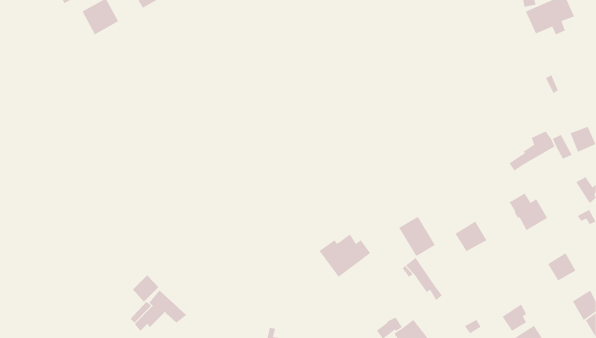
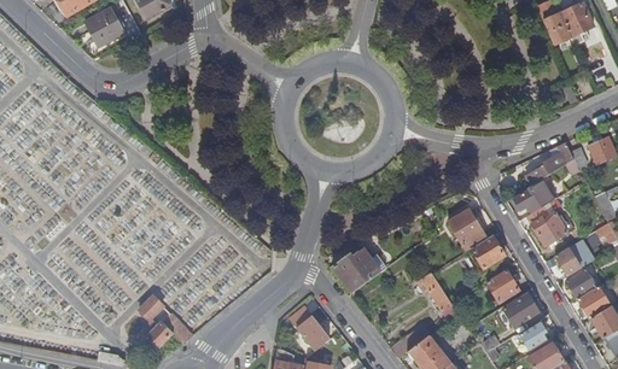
building: none -> [512,177,555,213]
building: [398,216,436,257] -> [447,209,485,251]
building: none -> [554,236,596,274]
building: none -> [485,269,518,303]
building: none -> [576,286,610,318]
building: none -> [502,293,538,328]
building: none -> [291,305,331,348]

